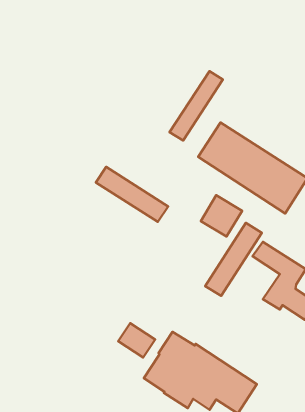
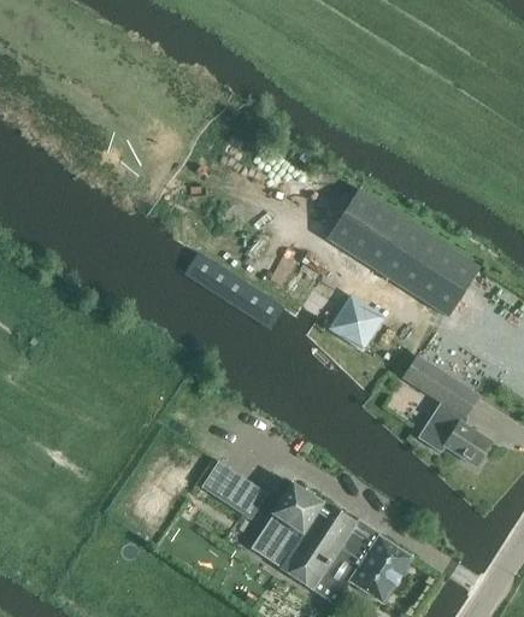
building: [170,71,223,141] -> none
building: [205,223,262,296] -> none

